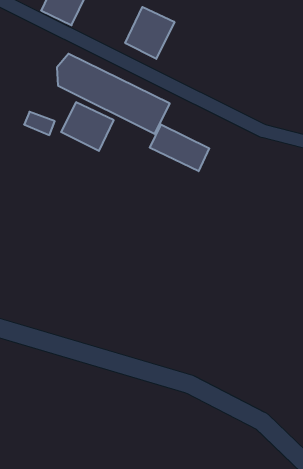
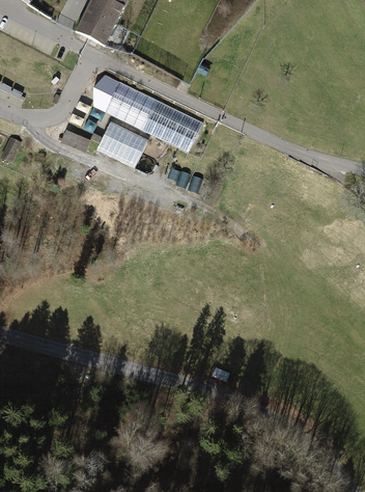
building: [125,7,174,59] -> none
building: [150,124,209,171] -> none

